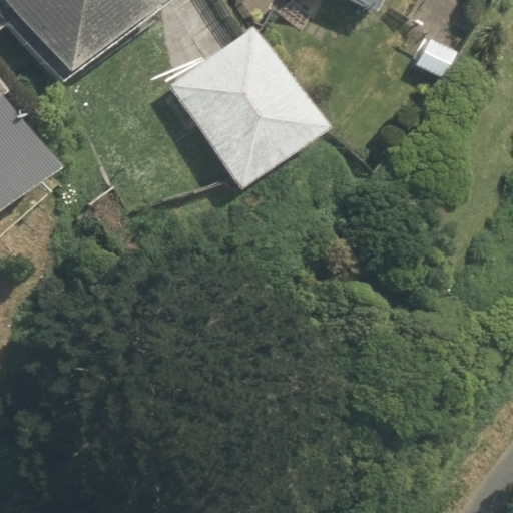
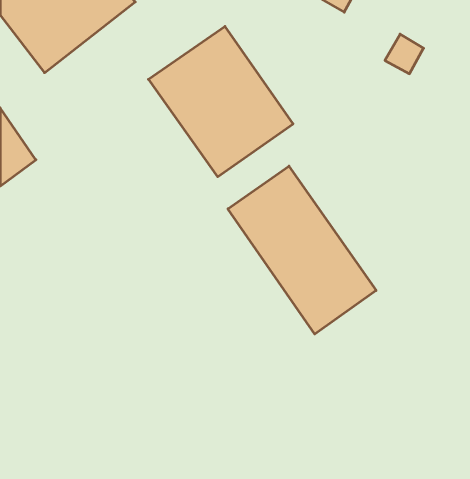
building: none -> [228,166,376,334]

